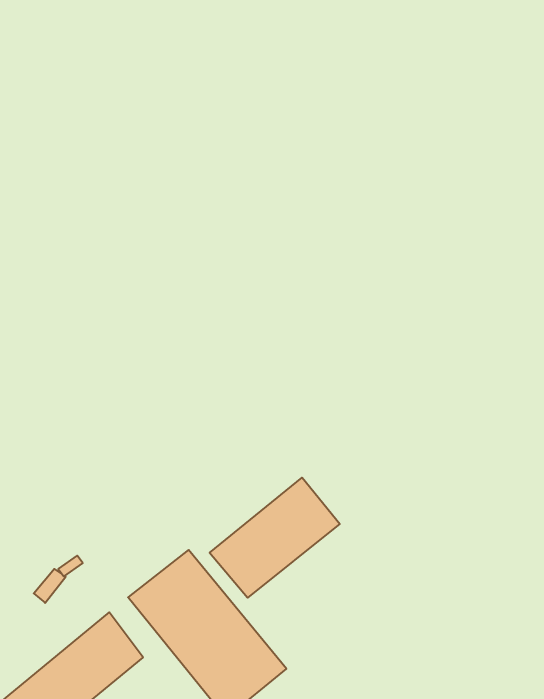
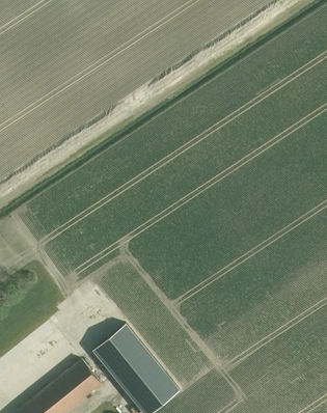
building: [210,478,340,598] -> none

